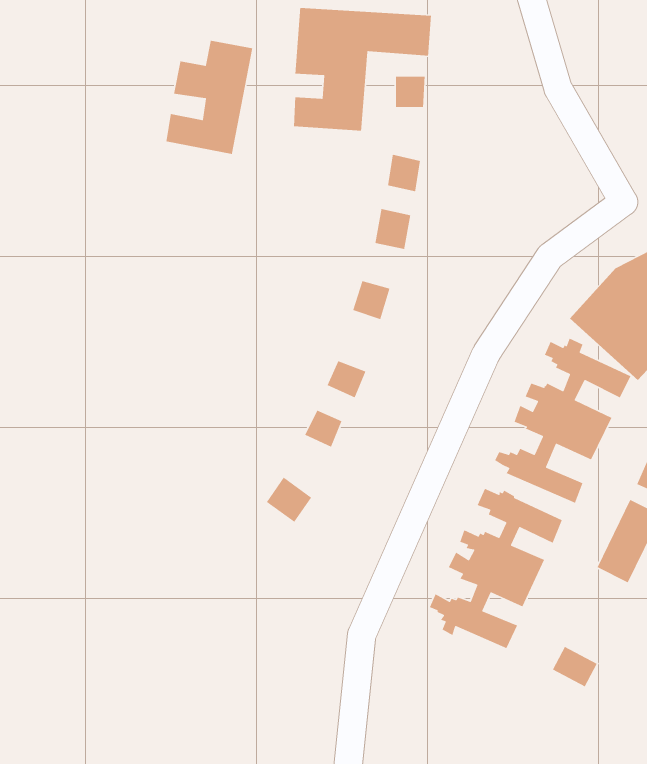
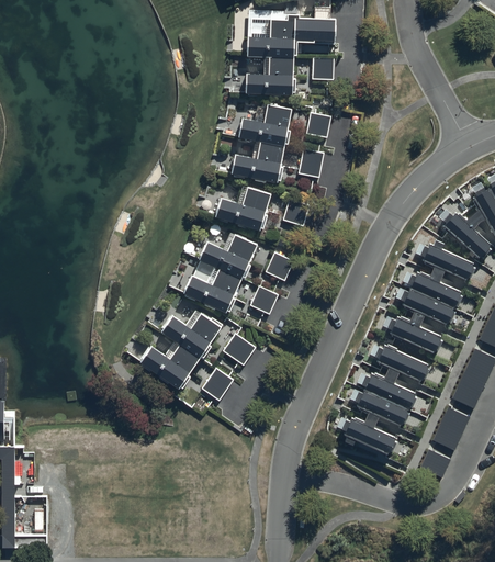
building: [165,40,253,155] -> [232,104,292,183]
building: none -> [213,187,271,233]
building: none -> [185,235,256,314]
building: none -> [138,311,220,391]
building: none -> [203,369,233,400]
building: none -> [432,407,470,450]

